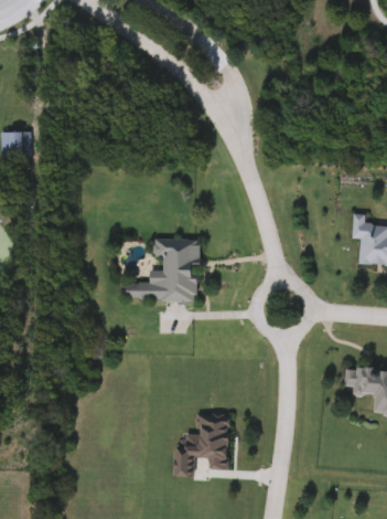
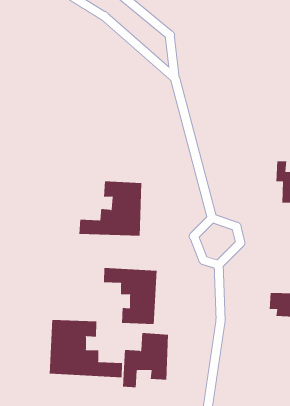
building: none -> [103,267,157,325]
building: none -> [49,319,122,378]

